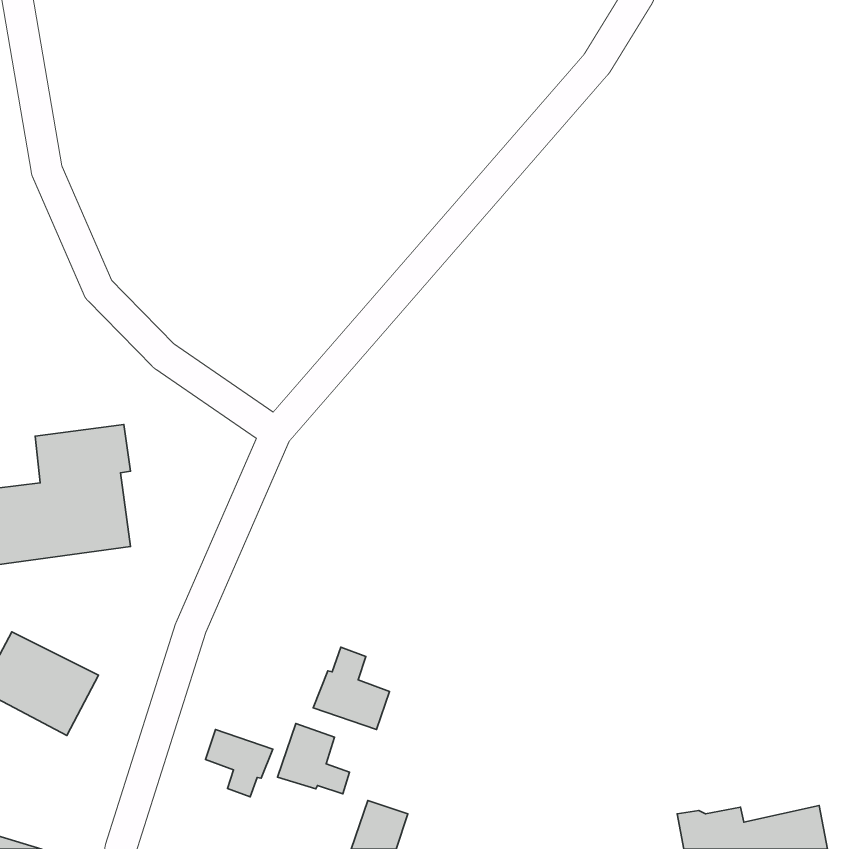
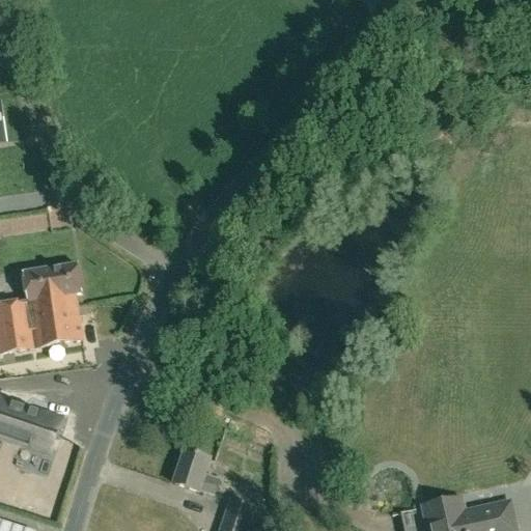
building: [313,647,389,729] -> none
building: [205,729,273,797] -> none

